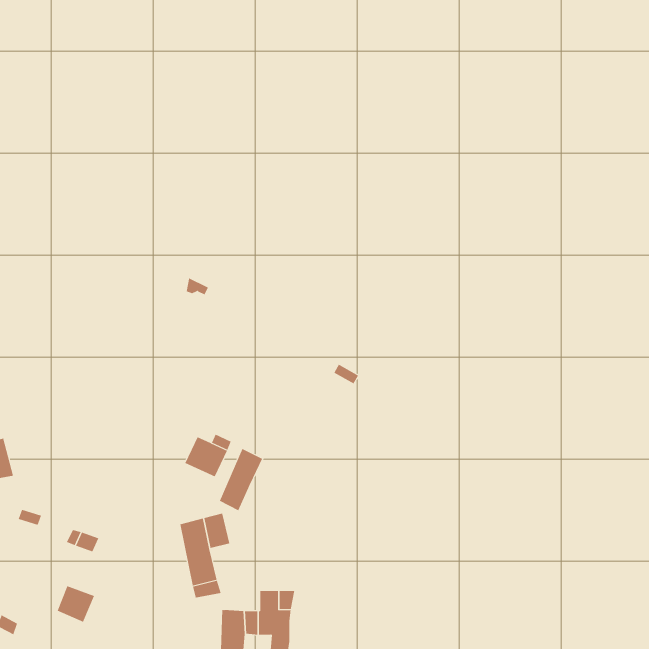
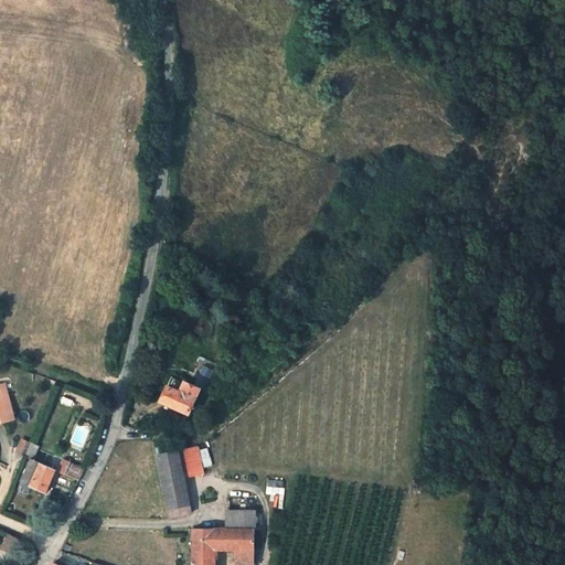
building: [219,448,263,511] -> none
building: [57,586,95,622] -> [22,461,55,493]

